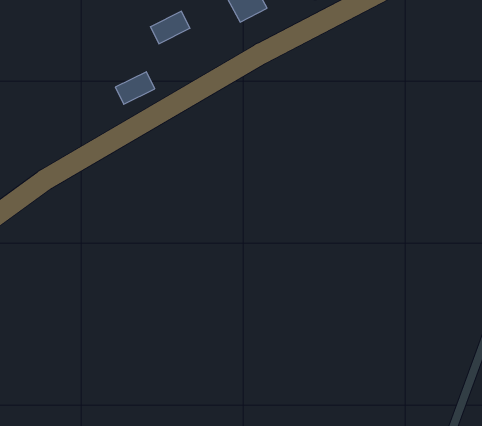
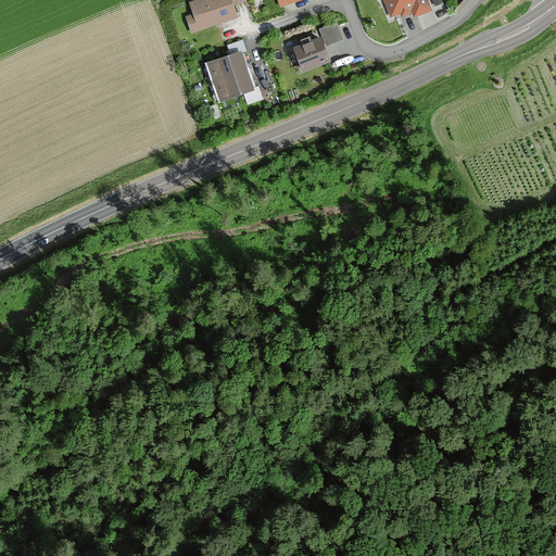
building: [115,72,155,104] -> [214,70,254,100]

